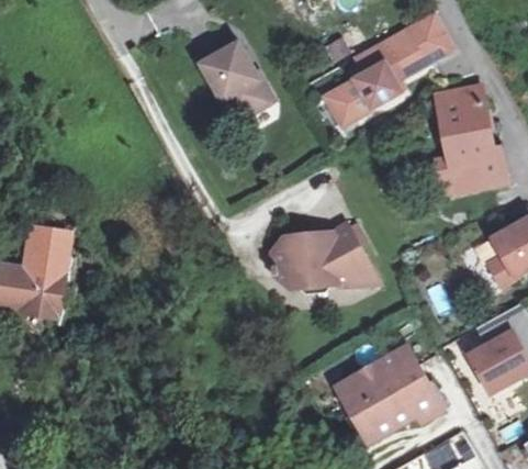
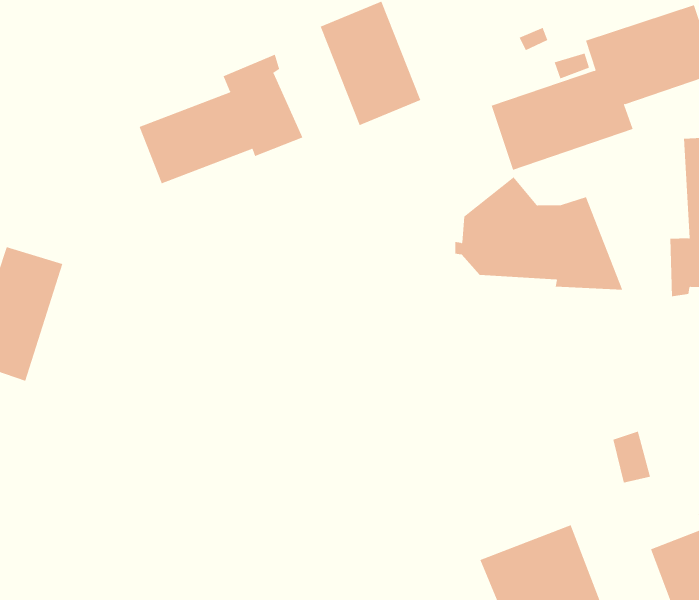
building: none -> [139,54,303,184]
building: [271,219,381,283] -> [454,177,623,290]

